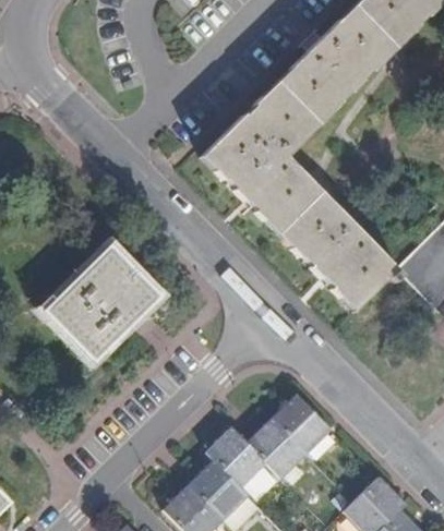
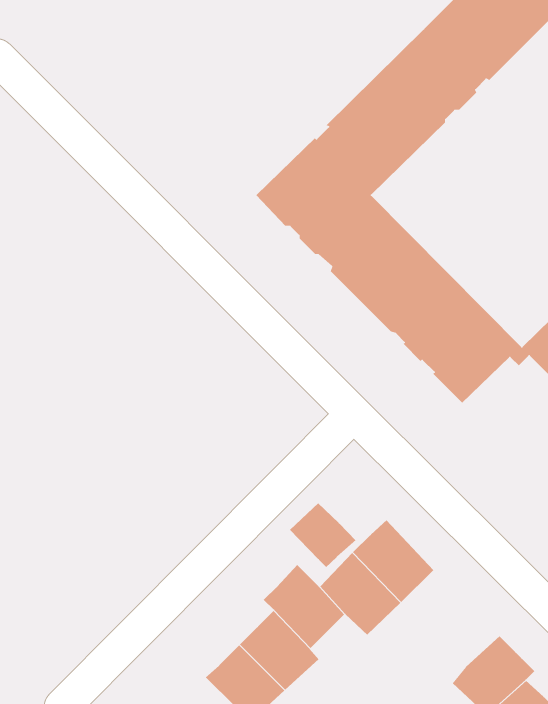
building: [46,244,160,361] -> none
building: none -> [289,503,356,568]

